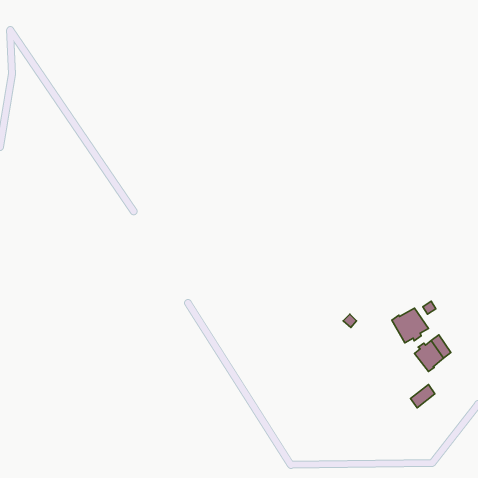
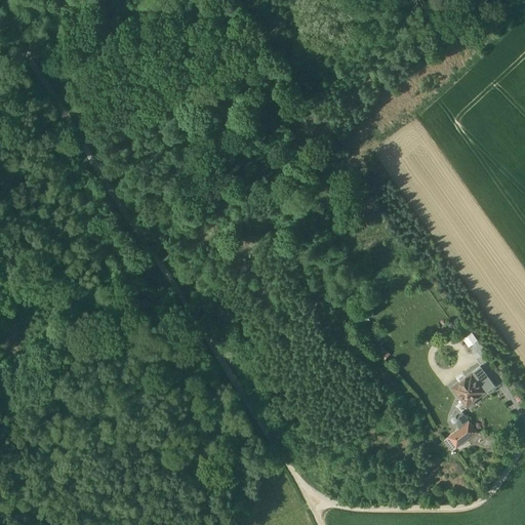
building: [392,308,428,343] -> none

